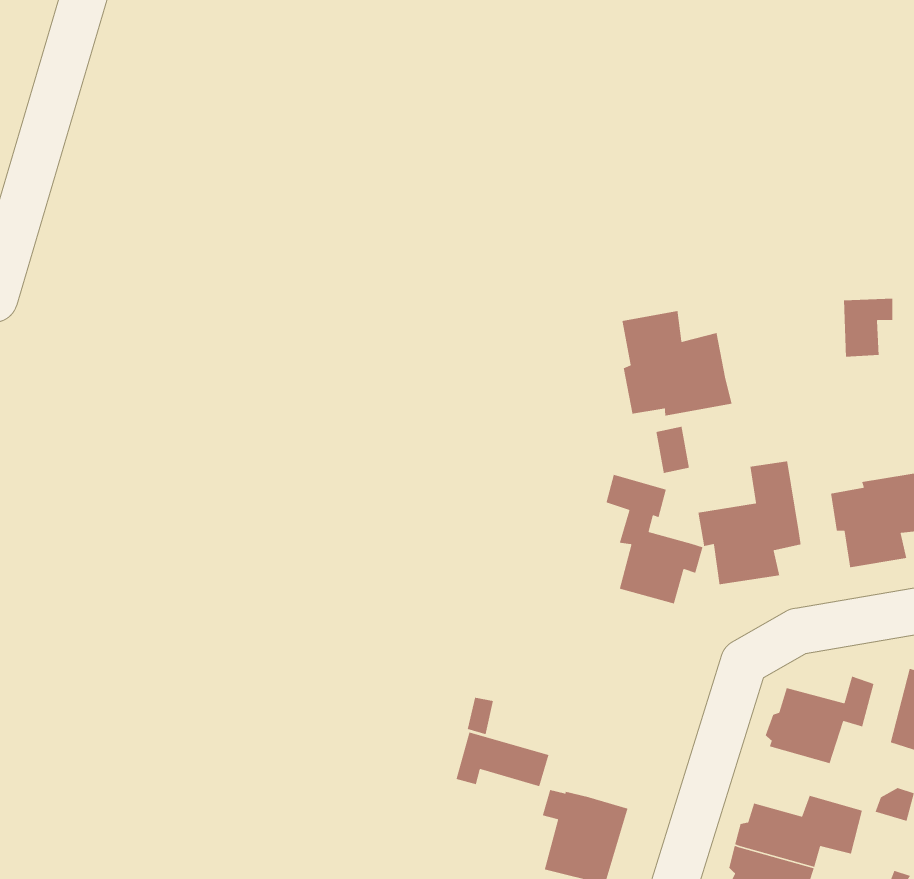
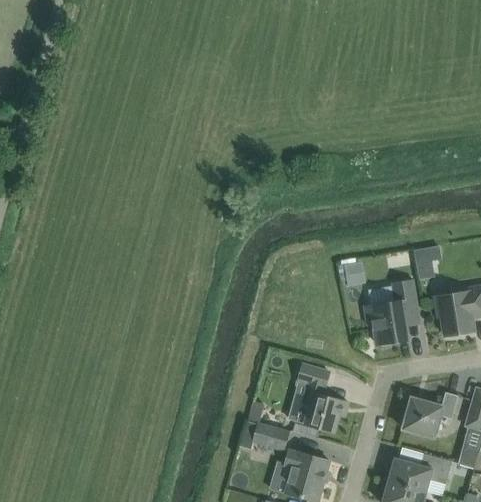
building: [843,298,893,357] -> [412,246,438,277]
building: [621,310,732,416] -> none
building: [605,474,703,605] -> [298,364,349,432]

